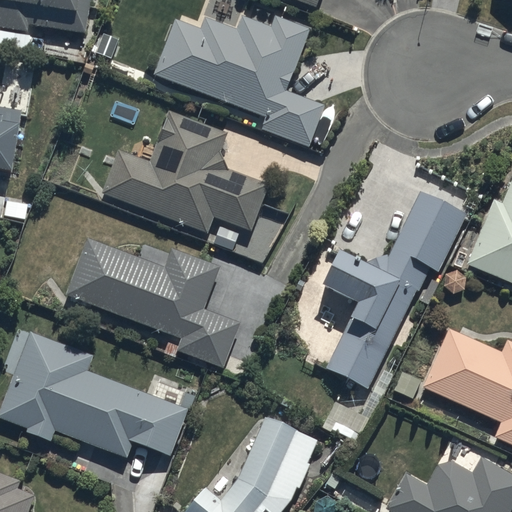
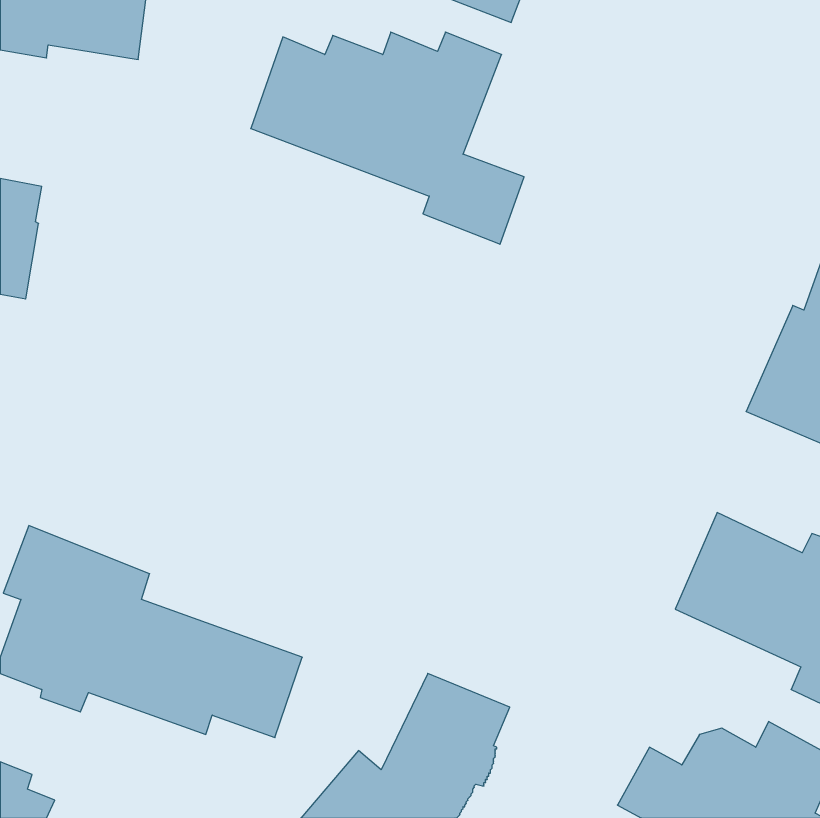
building: [103,115,270,241] -> none
building: [320,182,465,377] -> none
building: [69,244,244,375] -> none

